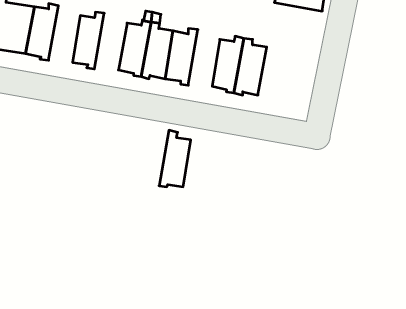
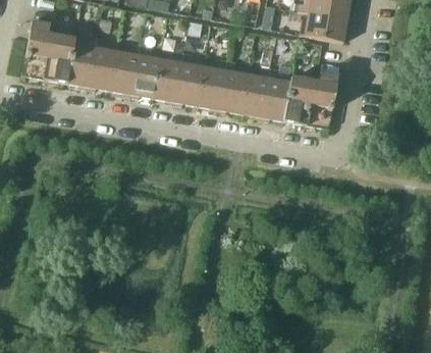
building: none -> [88,37,117,90]
building: none -> [130,44,161,97]
building: none -> [283,70,337,128]
building: [159,130,191,187] -> [218,59,248,112]

